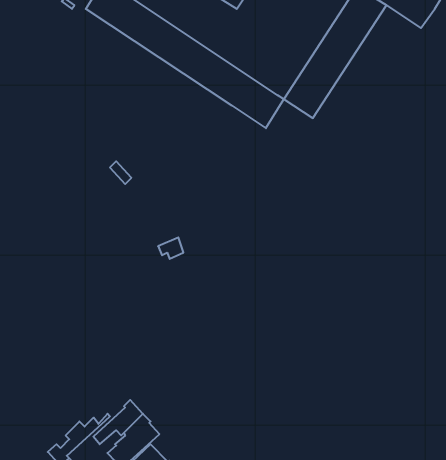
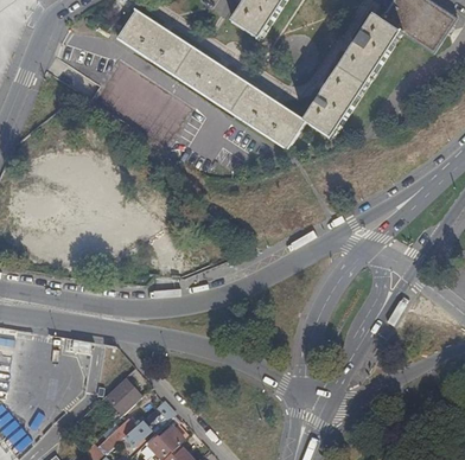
building: none -> [104,377,139,421]

